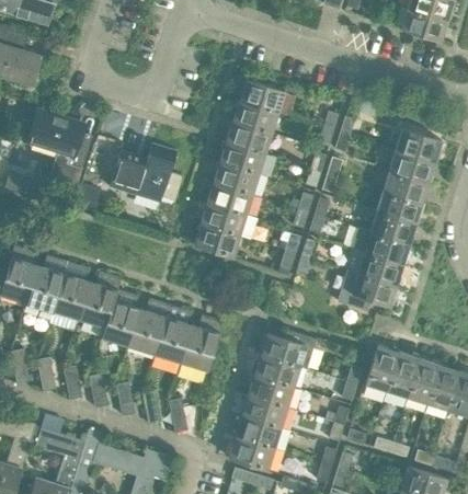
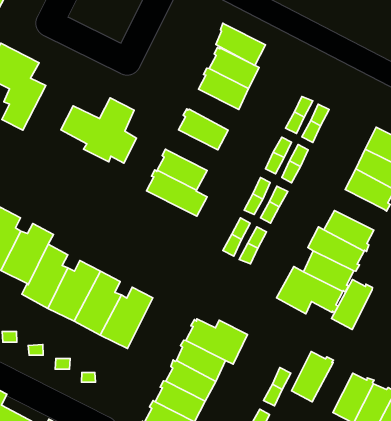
building: [227,120,273,154] -> [216,23,266,65]
building: [214,162,260,195] -> none
building: [377,191,423,223] -> none
building: [194,223,241,256] -> none
building: [387,352,420,398] -> [331,279,372,329]

